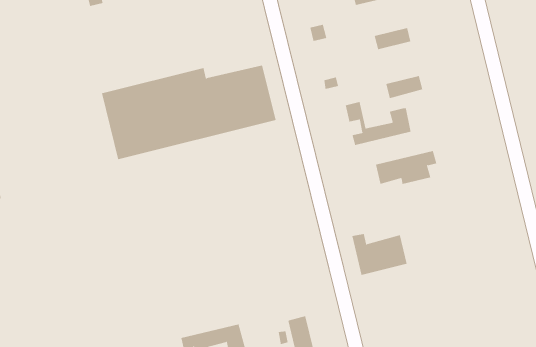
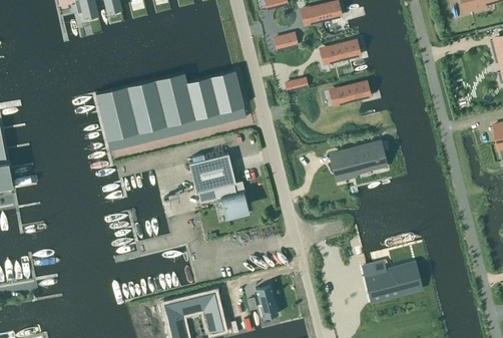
building: [345,101,411,146] -> none
building: none -> [188,153,245,213]
building: [351,233,408,276] -> [367,263,415,299]

